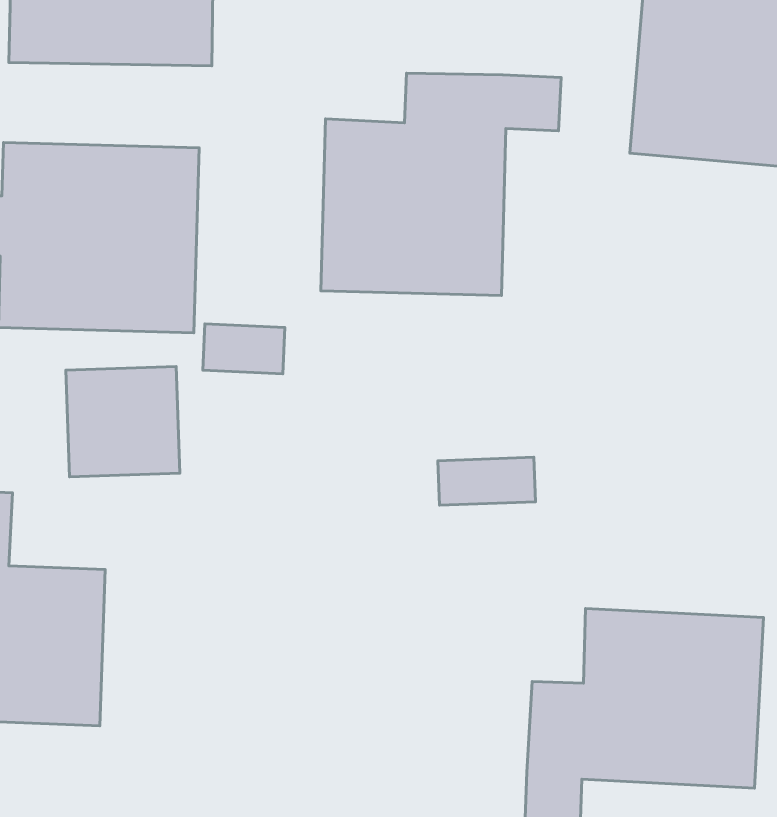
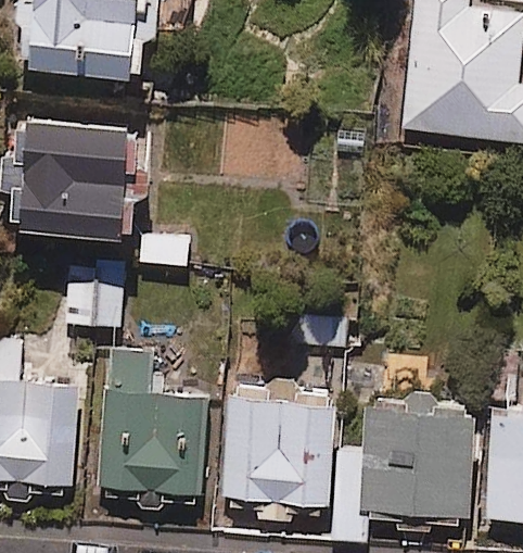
building: [321,73,561,295] -> none
building: none -> [100,343,208,497]
building: none -> [224,397,342,507]

